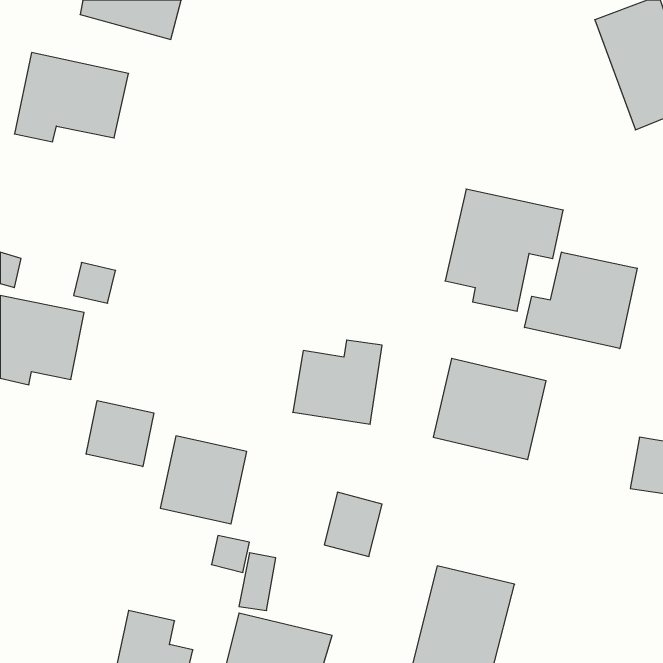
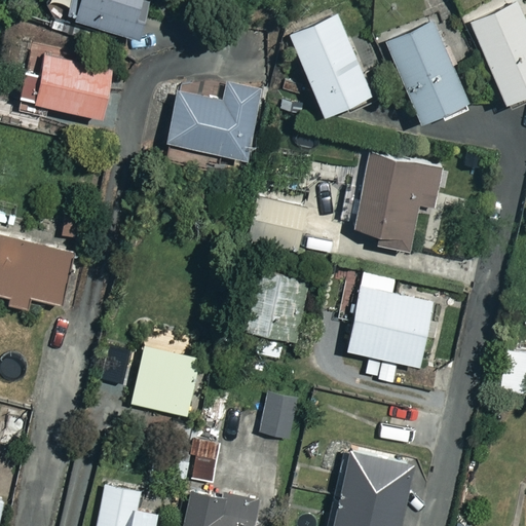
building: none -> [290,16,371,110]
building: none -> [387,27,467,119]
building: none -> [167,82,259,158]
building: [525,252,637,349] -> none
building: [86,401,154,467] -> none

